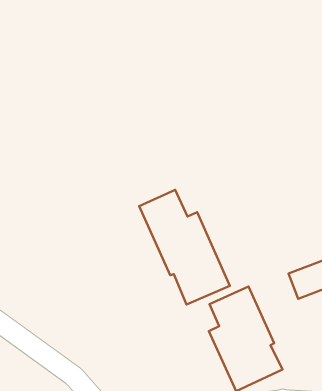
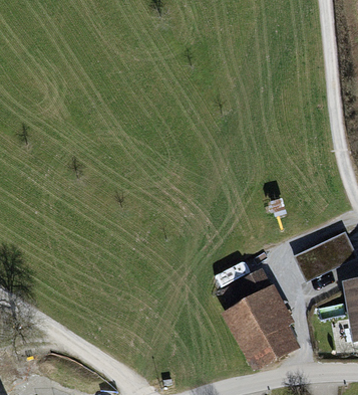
building: [139,190,230,304] -> none

